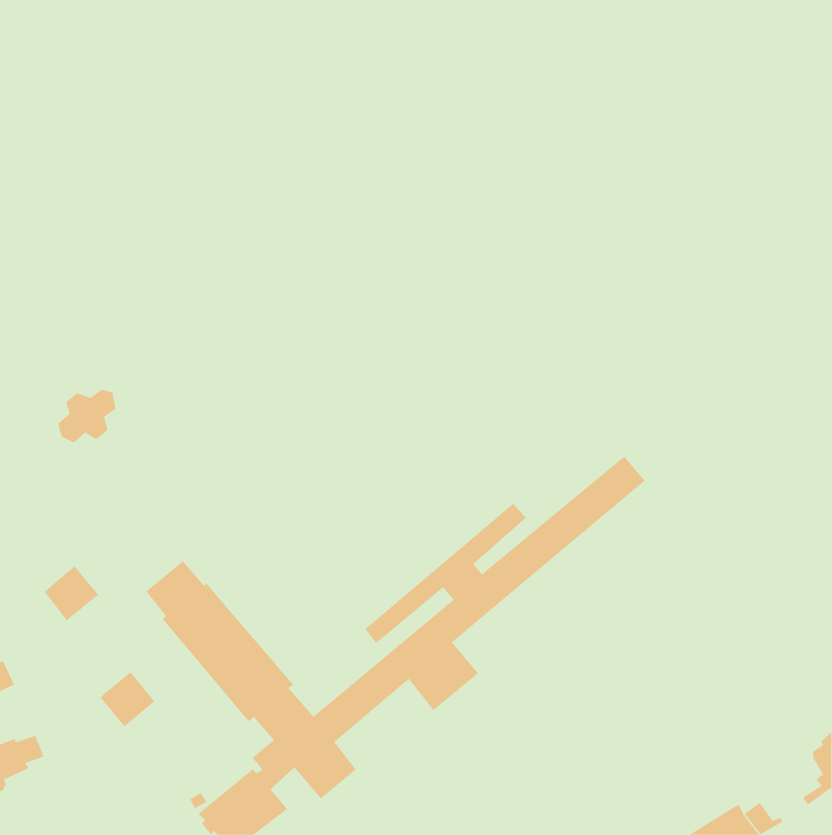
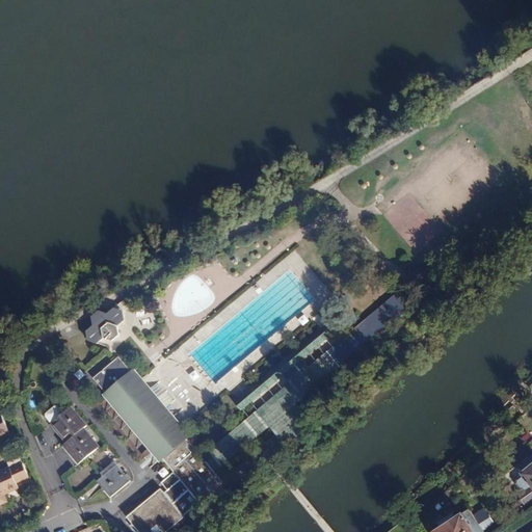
building: [57,389,116,443] -> [84,308,122,342]
building: [44,566,99,621] -> [51,406,86,442]
building: none -> [96,461,129,497]

